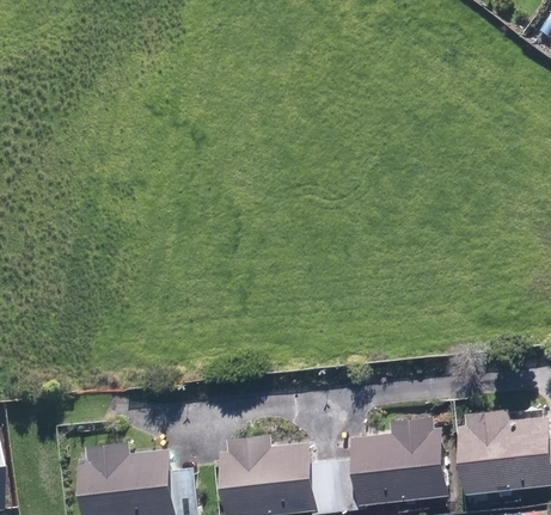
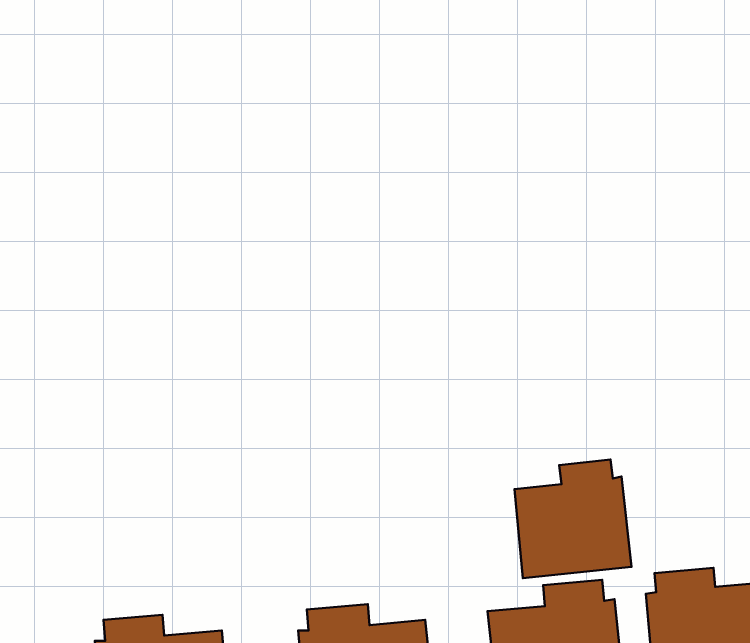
building: none -> [515,459,631,578]

